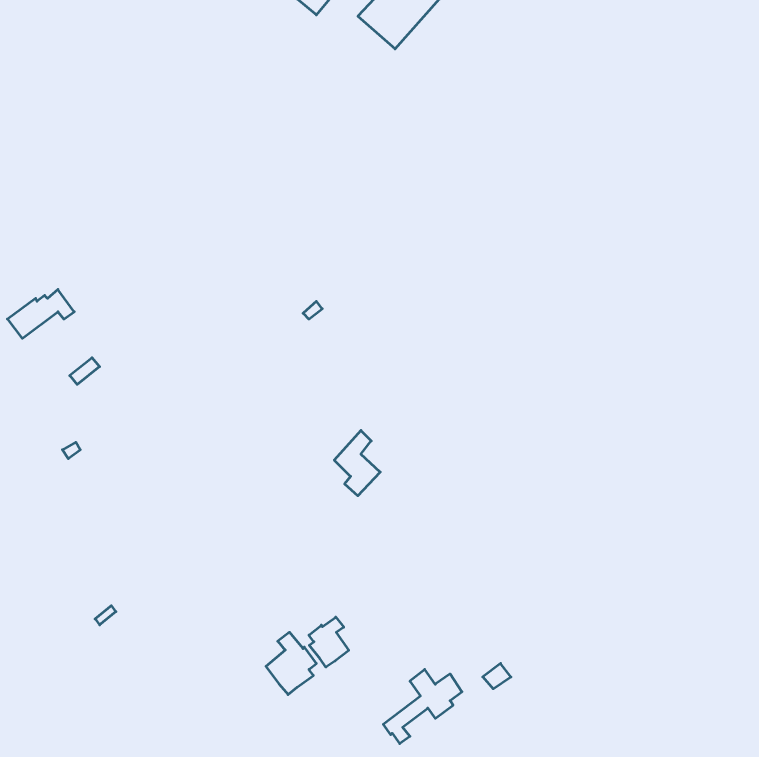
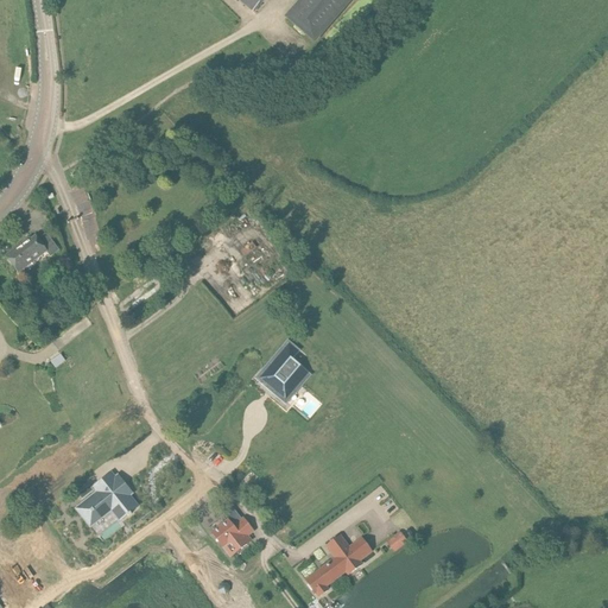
building: none -> [86,473,137,519]
building: [309,617,349,667] -> none

